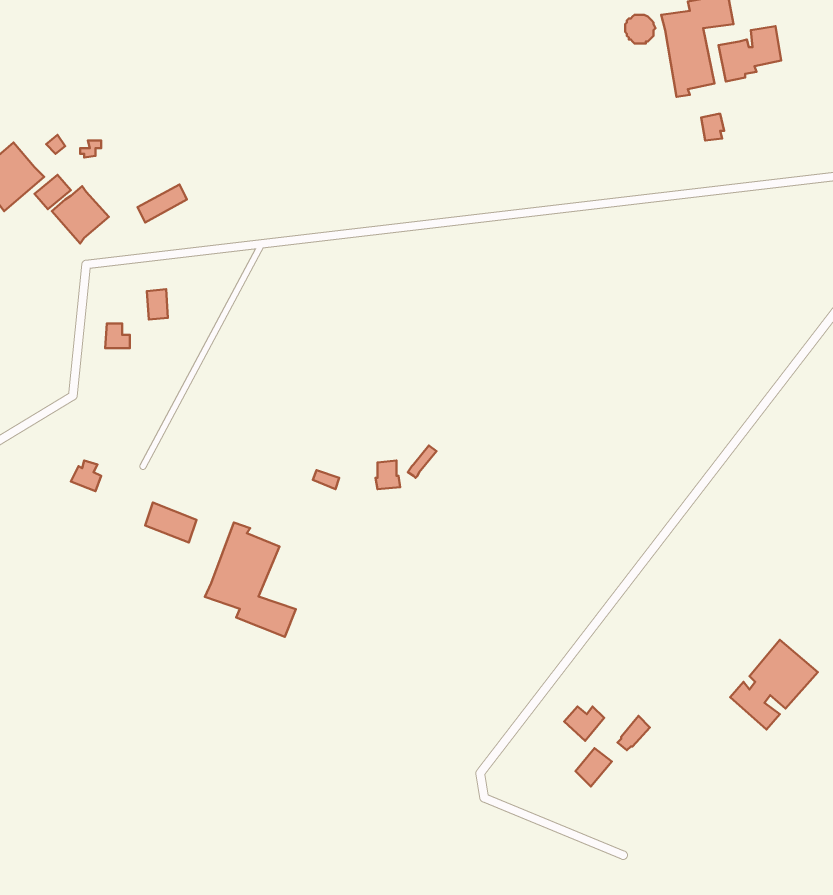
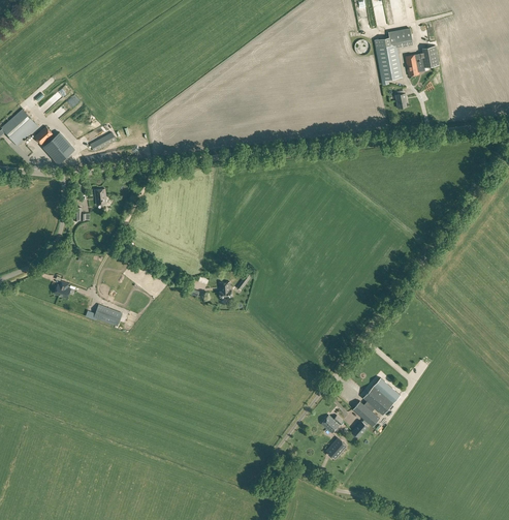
building: [205,522,296,637] -> none
building: [730,640,818,729] -> [353,377,401,426]

